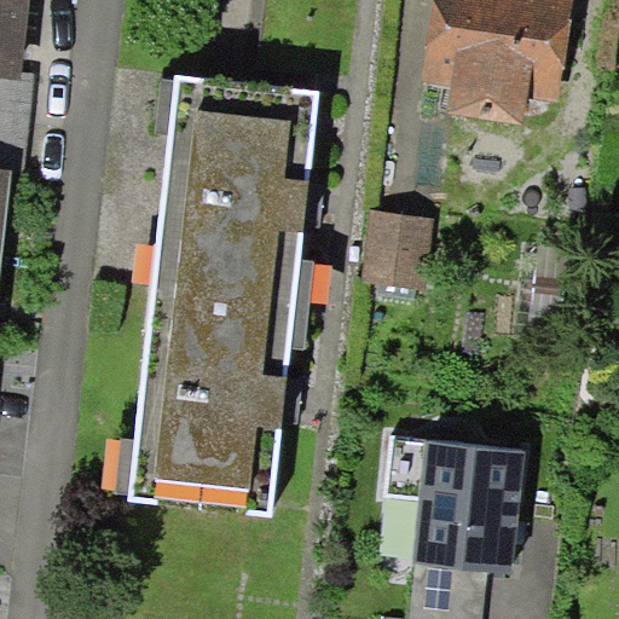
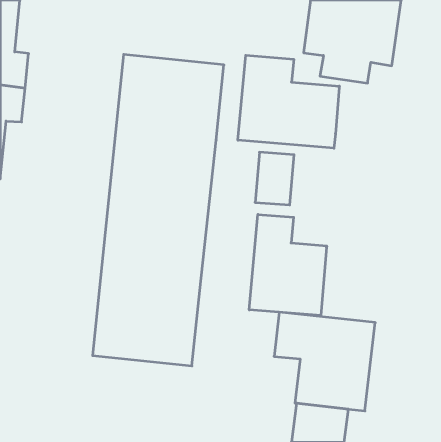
building: none -> [238,55,339,148]
building: none -> [249,214,327,316]

